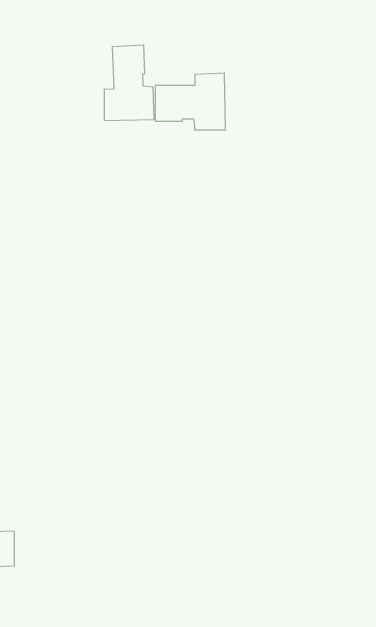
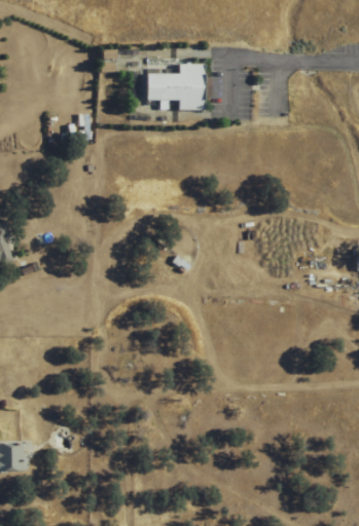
building: [104,45,154,121] -> none

